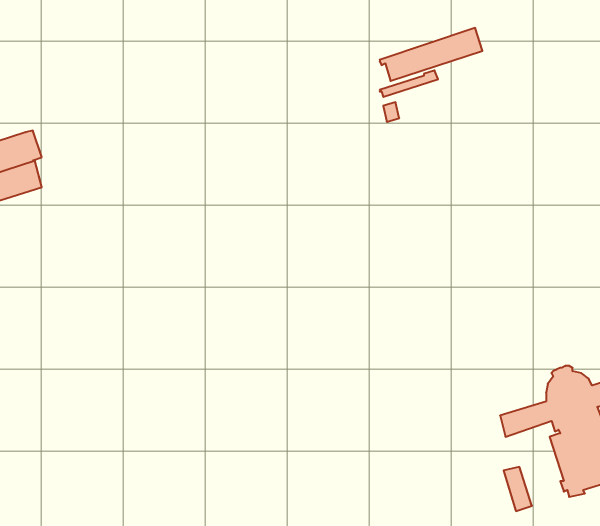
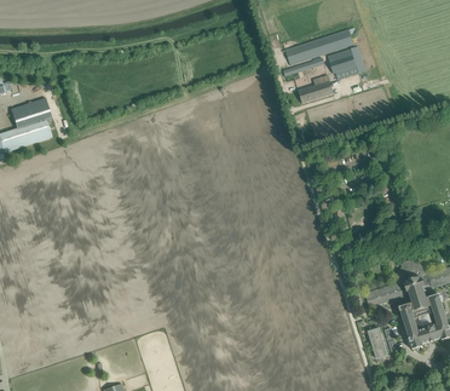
building: none -> [328,46,367,80]
building: none -> [299,74,334,103]

